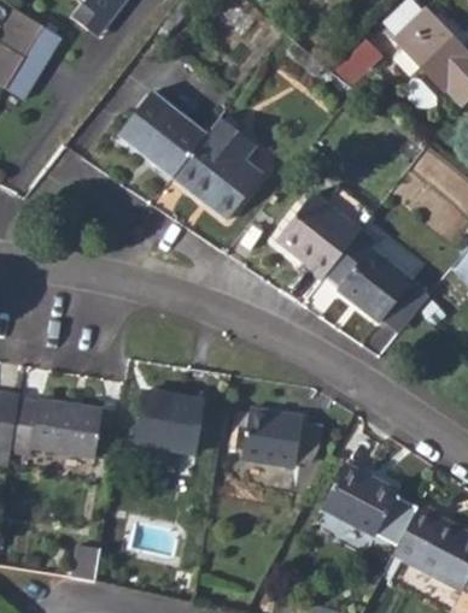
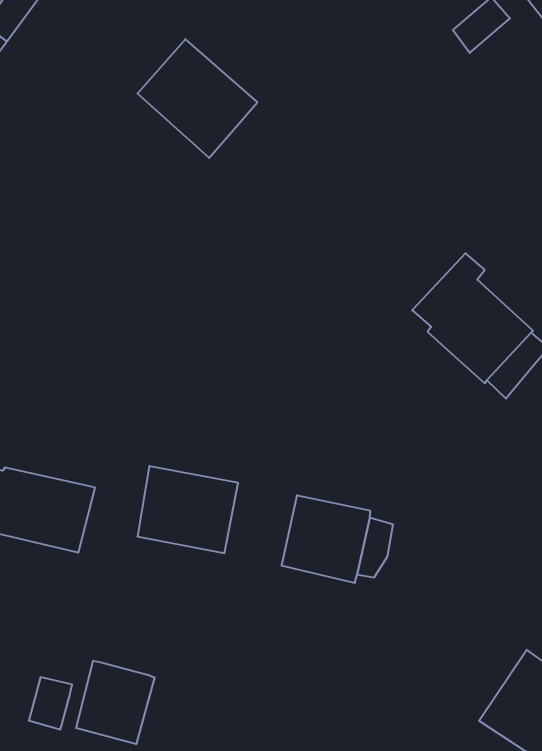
building: [172,128,261,214] -> none
building: [273,189,359,277] -> none
building: [323,466,402,538] -> none
building: none -> [76,661,155,744]

